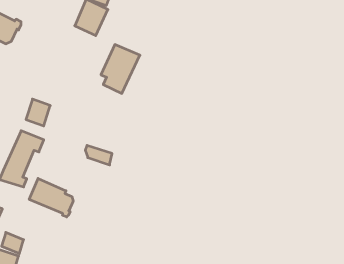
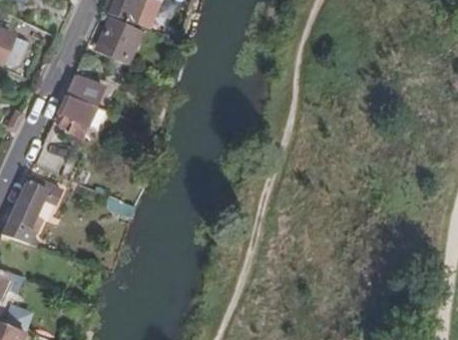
building: [101,45,140,93] -> [57,76,105,136]
building: [29,178,73,217] -> none

